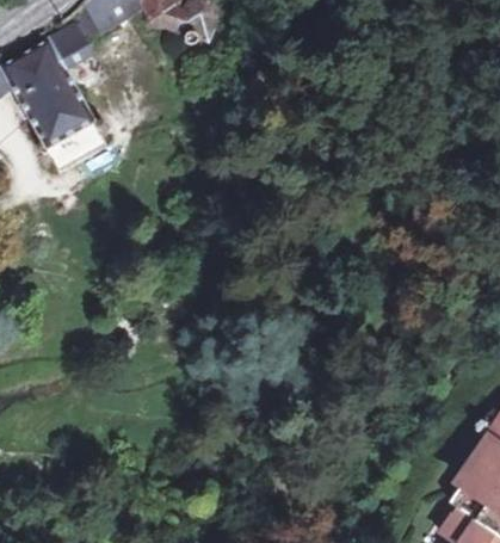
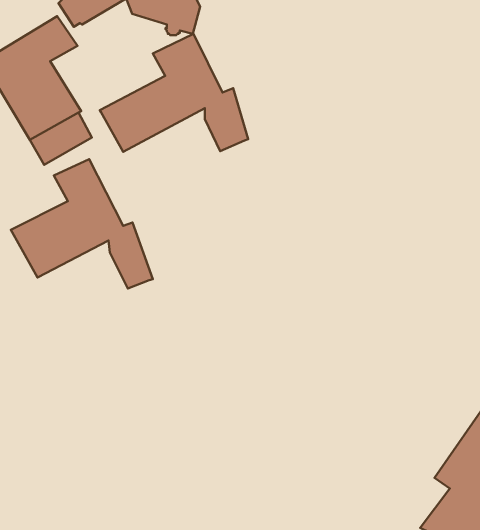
building: none -> [100,34,248,152]
building: none -> [11,159,153,289]

